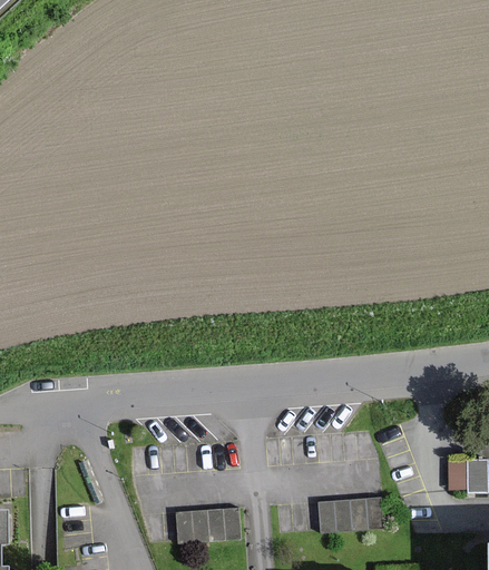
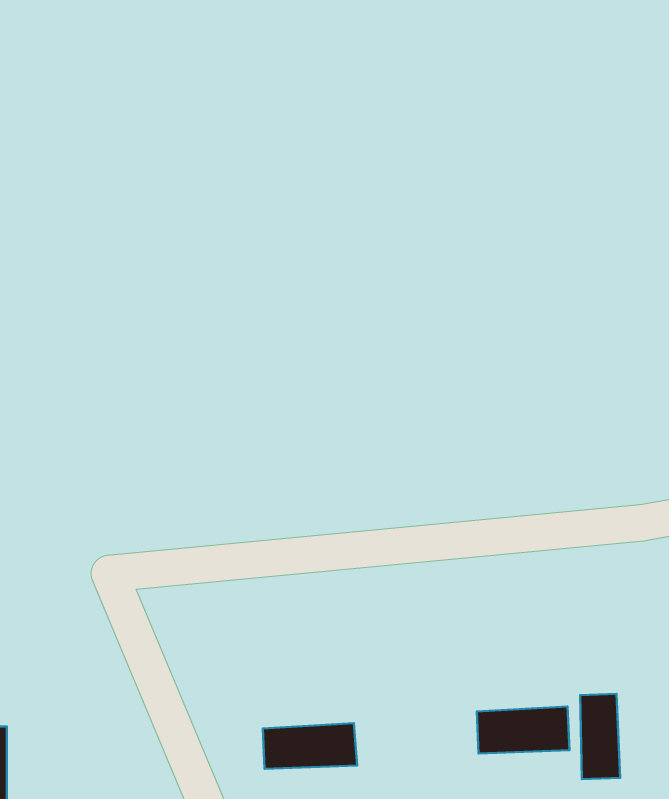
building: none -> [580,694,620,779]

